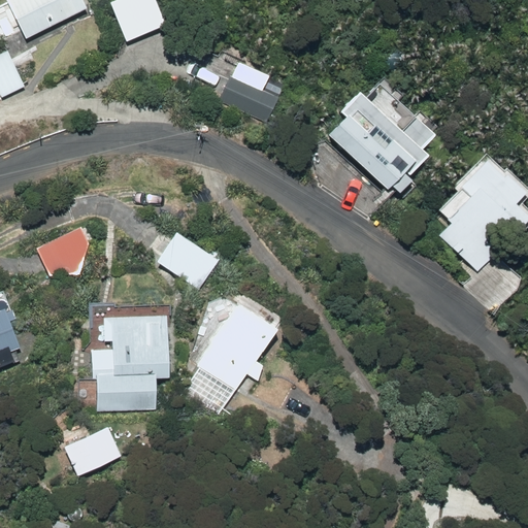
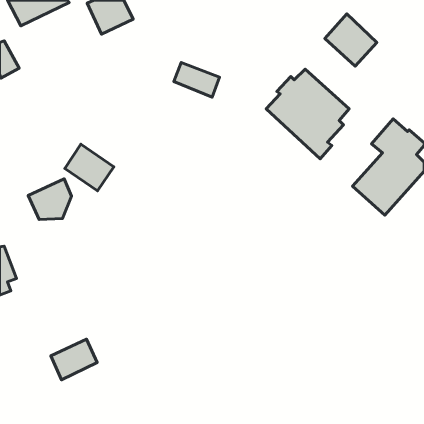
building: none -> [325,14,377,66]
building: [157,233,218,291] -> [65,144,114,191]
building: [183,300,275,412] -> none
building: [92,310,168,411] -> none

